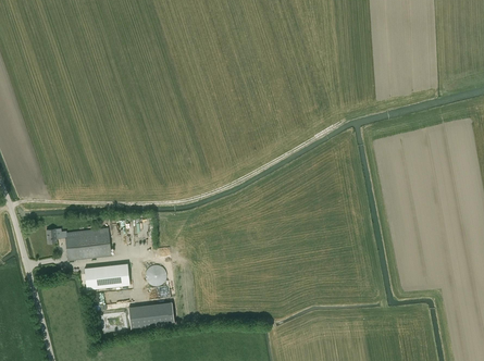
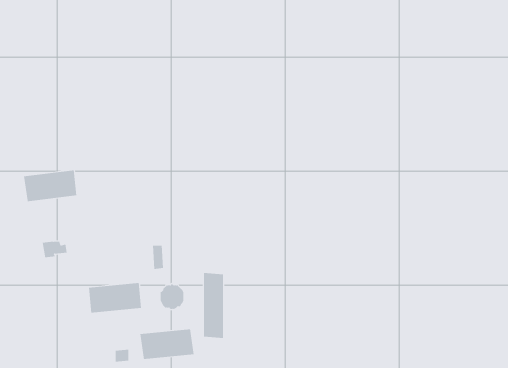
building: [71,227,116,254] -> [23,170,77,202]
building: none -> [203,272,223,339]

